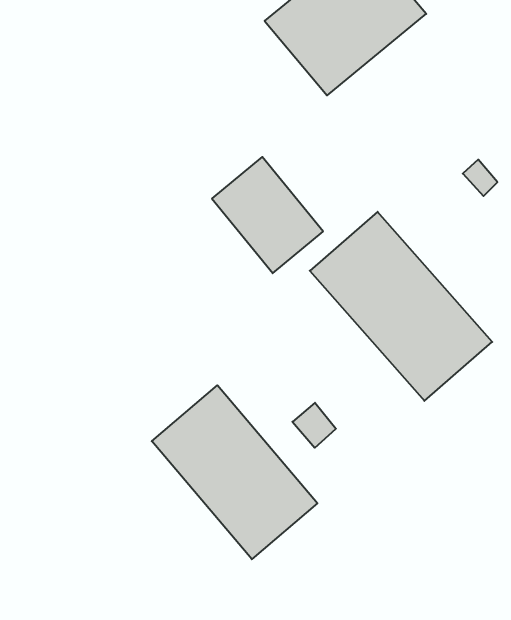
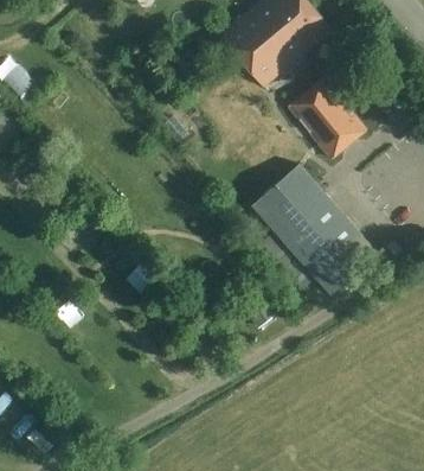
building: [212,157,323,273] -> [287,77,362,157]
building: [152,385,317,559] -> none

